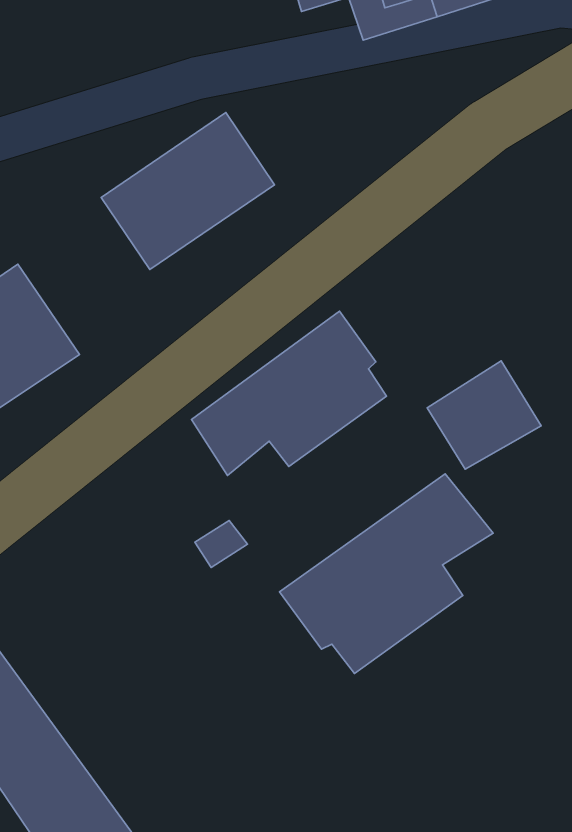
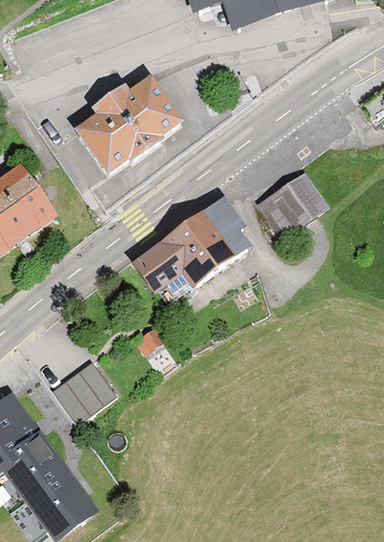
building: [427,361,541,469] -> [256,171,326,237]
building: [280,474,493,674] -> none
building: none -> [52,357,116,419]

